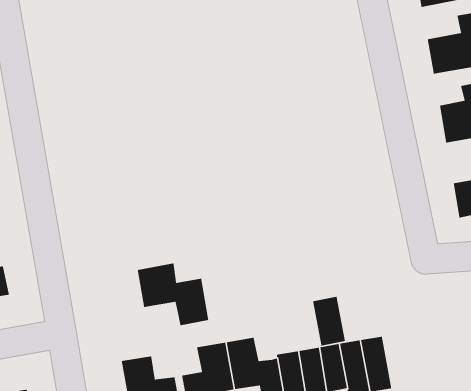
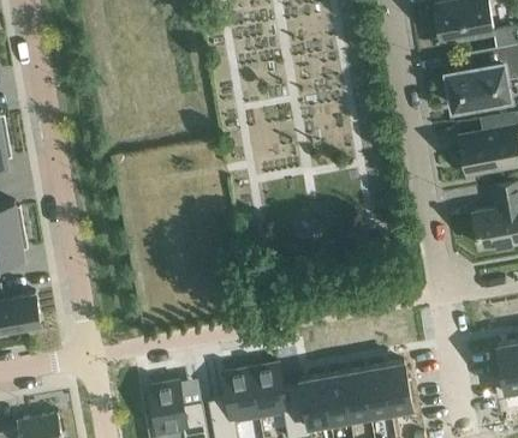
building: [137,262,209,326] -> none
building: [312,296,346,347] -> none

